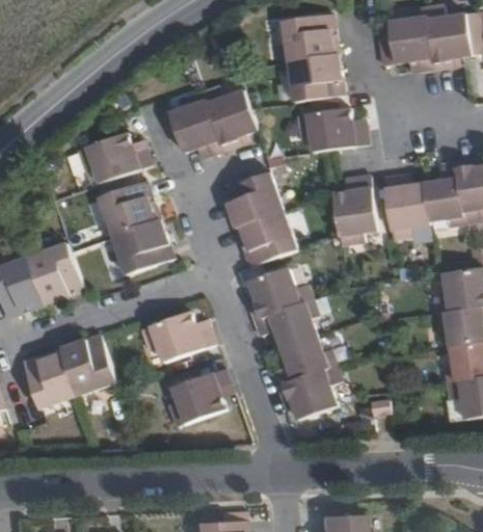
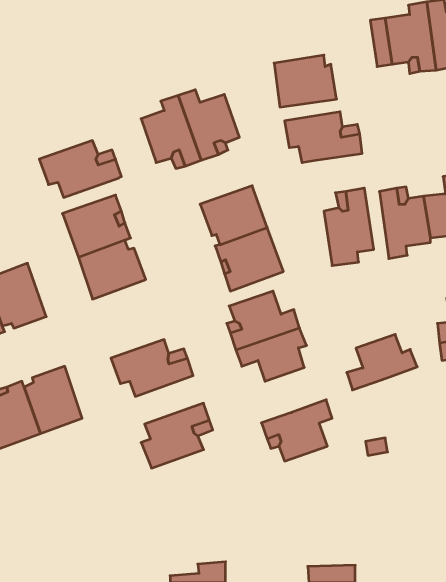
building: [281,14,338,62] -> none
building: [271,336,334,385] -> [347,334,417,390]

